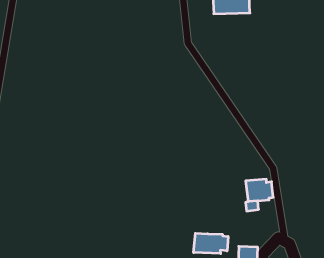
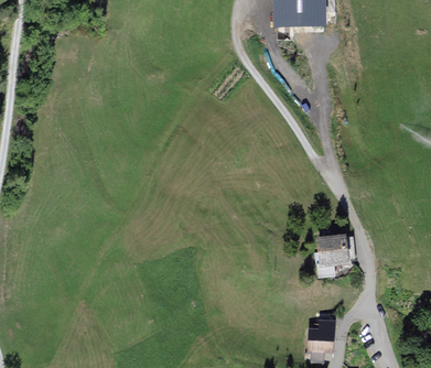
building: [194,233,228,254] -> none

